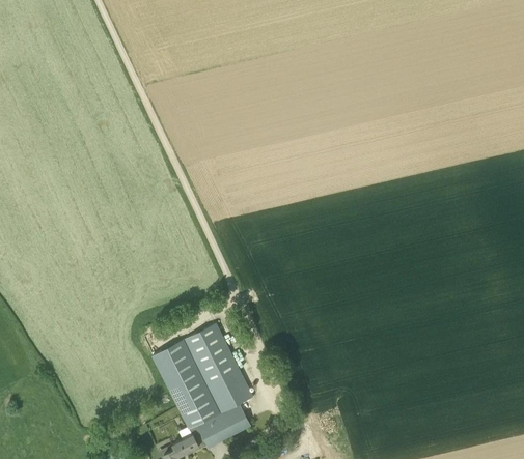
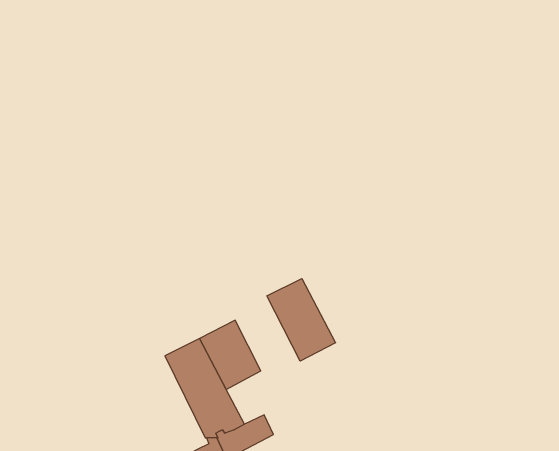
building: none -> [267,279,336,361]
building: [208,369,253,417] -> none

